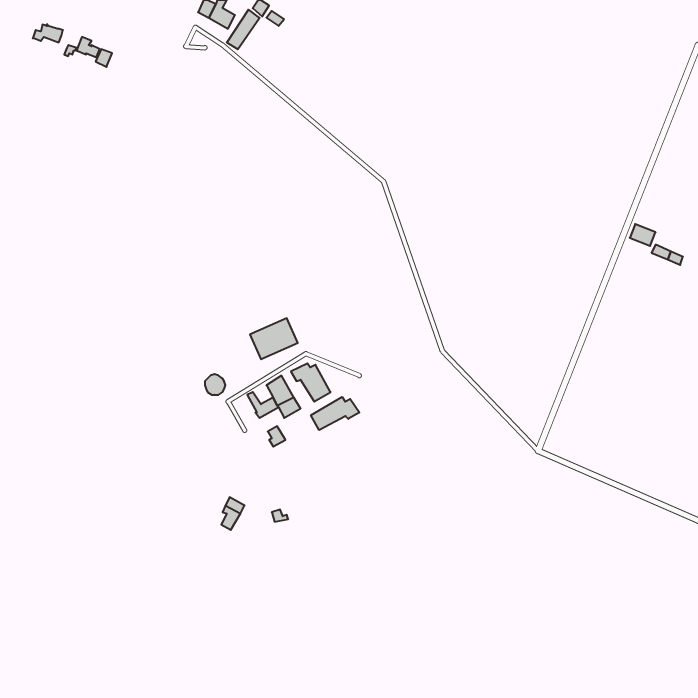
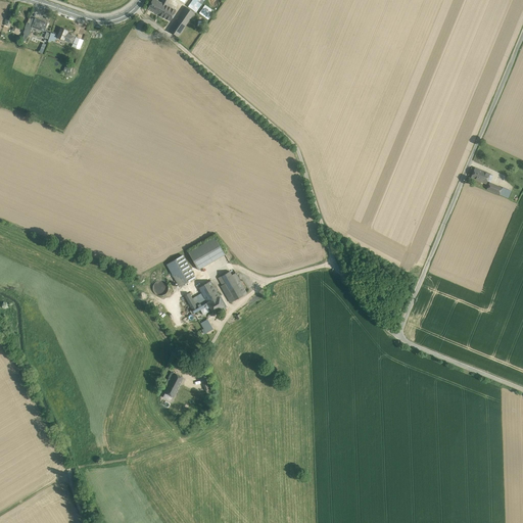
building: none -> [167,255,195,287]
building: [311,397,359,430] -> none

